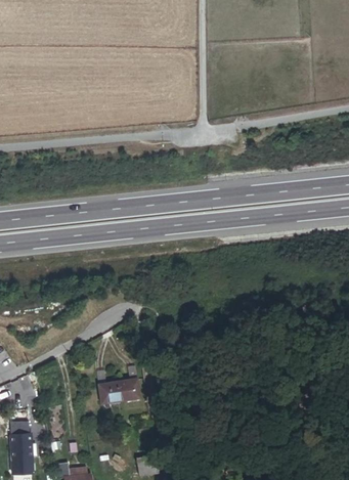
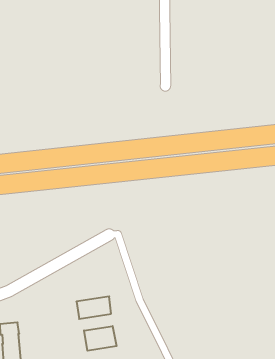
building: none -> [84,326,117,351]

